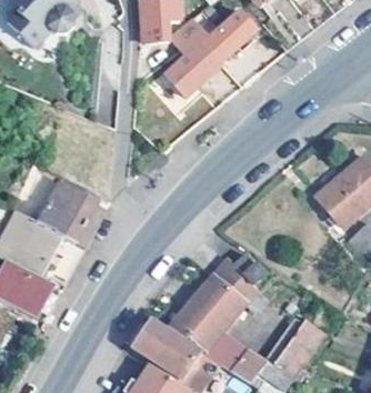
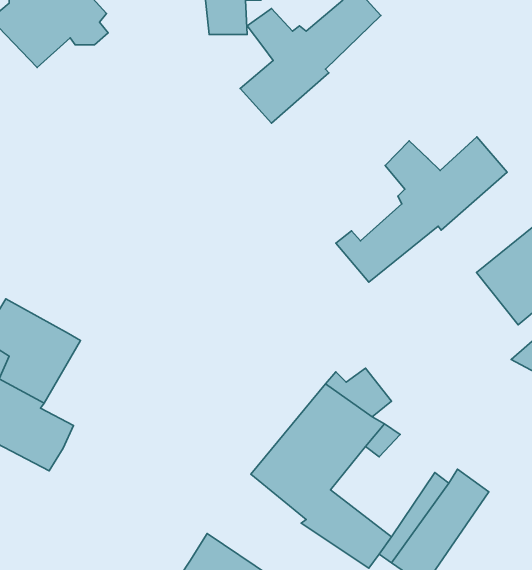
building: none -> [336,137,507,282]
building: [33,164,100,246] -> none
building: [133,319,200,379] -> none

